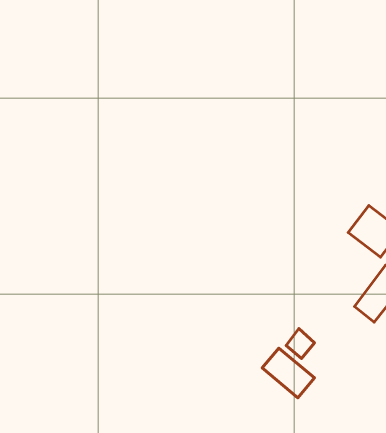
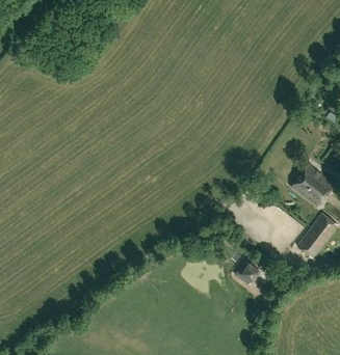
building: [262,348,314,398] -> none

